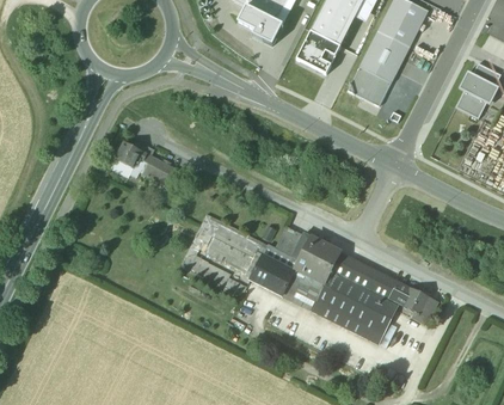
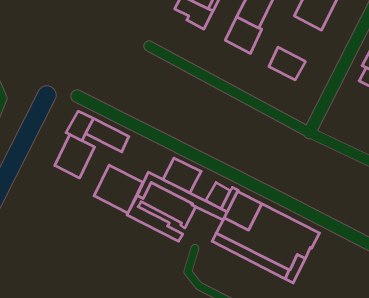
building: [359,30,411,84] -> none
building: none -> [55,134,95,178]
building: none -> [94,165,143,213]
building: [250,254,295,295] -> [163,158,201,193]
building: [399,286,436,324] -> none

